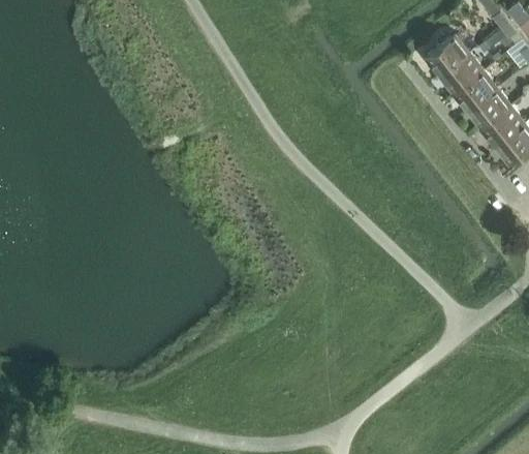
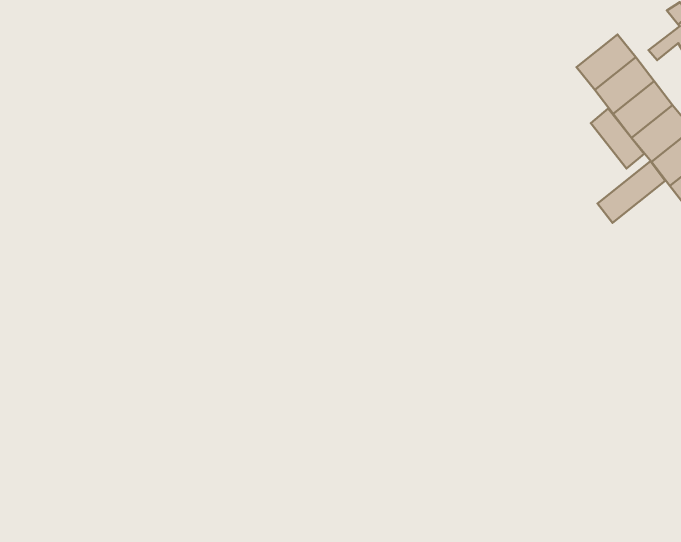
building: none -> [591,108,644,168]
building: none -> [597,161,665,223]

